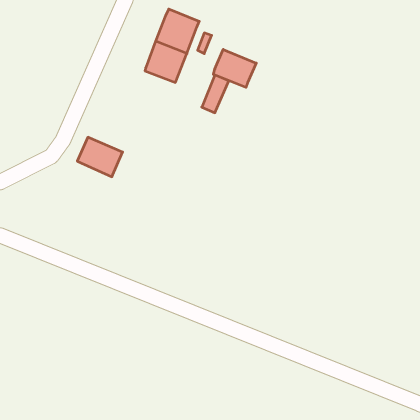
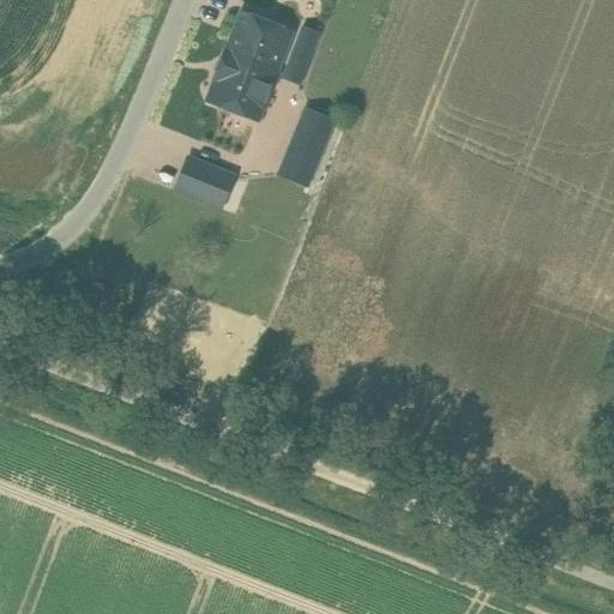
building: [213,49,256,87] -> none
building: [77,137,123,177] -> [169,150,235,207]

